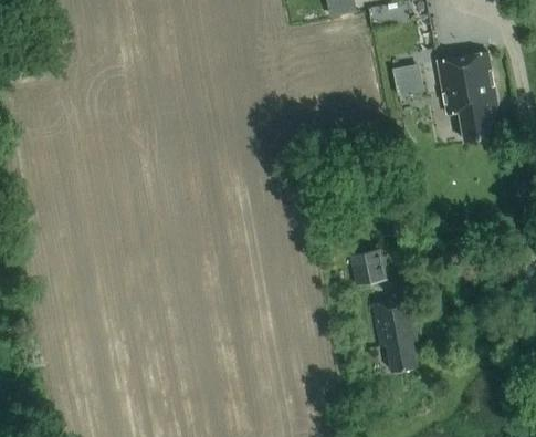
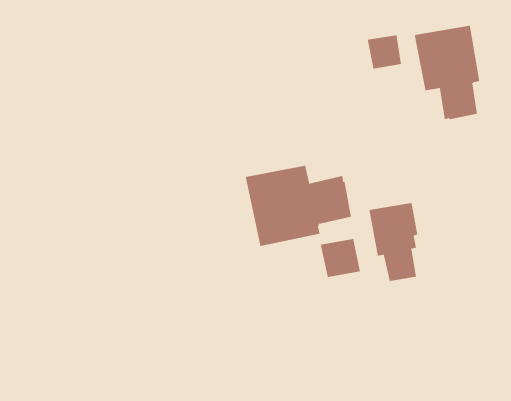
building: none -> [245,165,352,247]
building: [372,299,418,372] -> [369,202,418,282]

